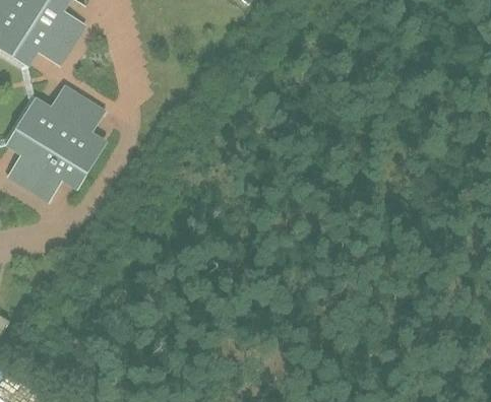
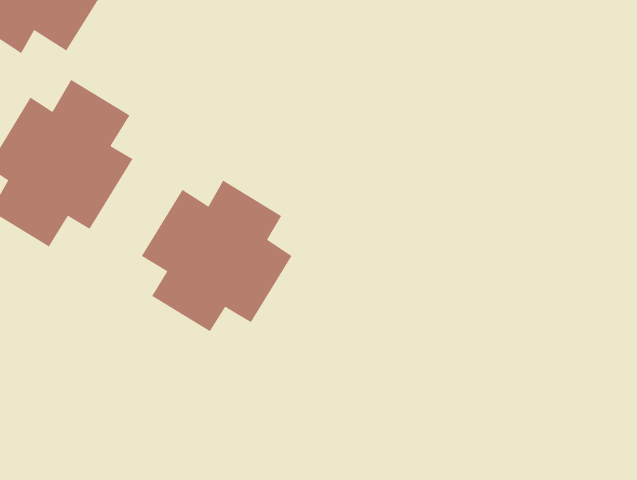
building: none -> [141,180,292,332]

